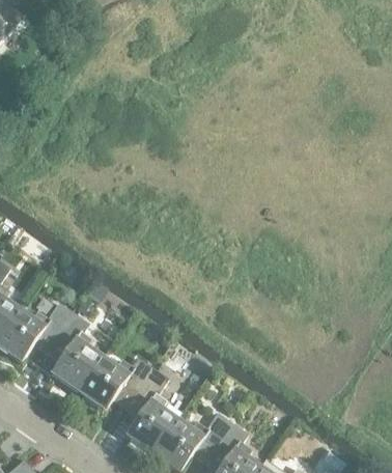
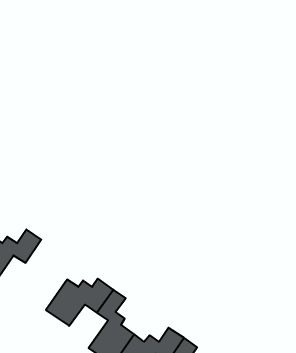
building: [51,313,102,392] -> none

